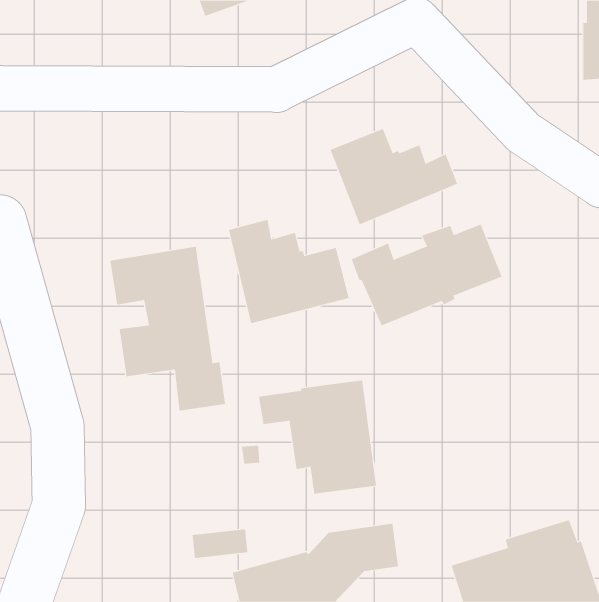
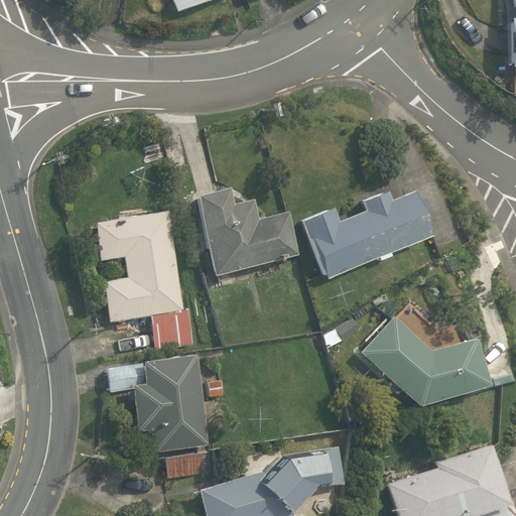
building: [330,128,458,225] -> none
building: none -> [361,316,489,406]
building: [258,380,377,494] -> [108,355,210,453]

